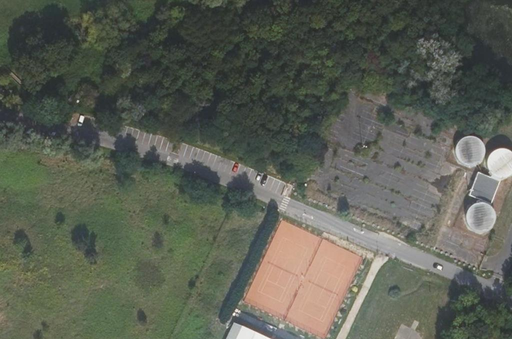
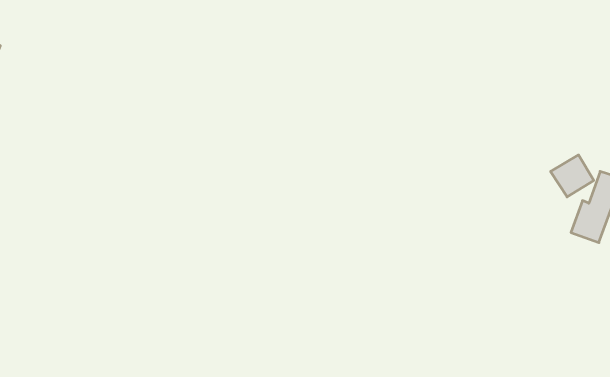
building: [472,208,490,230] -> none

